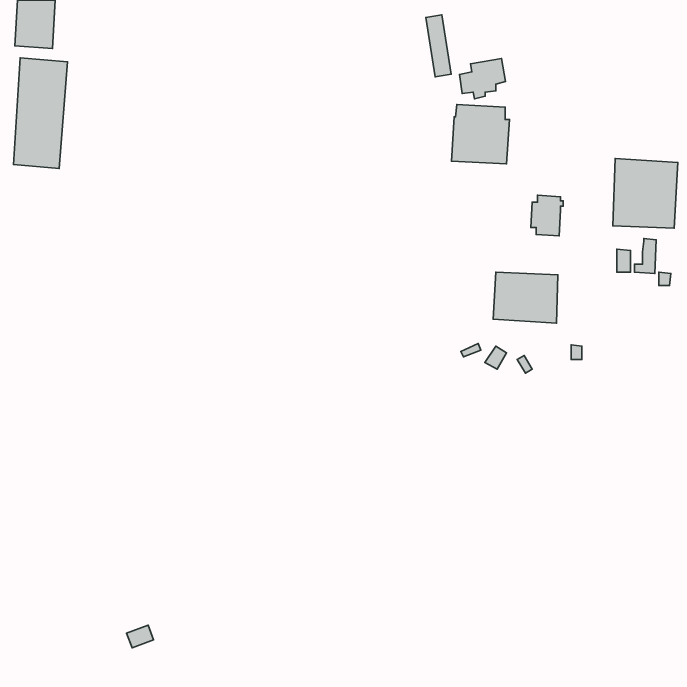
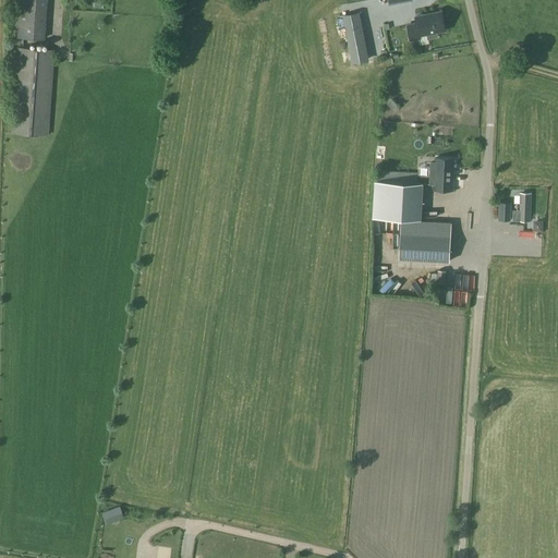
building: [460,59,505,99] -> [409,13,446,46]
building: [451,105,509,164] -> [374,172,421,220]
building: [613,158,678,228] -> none

